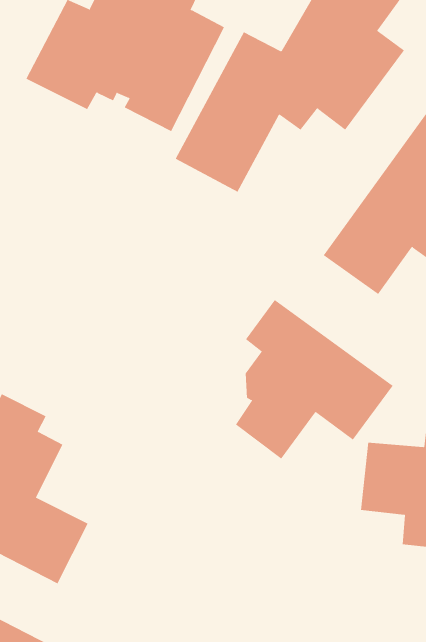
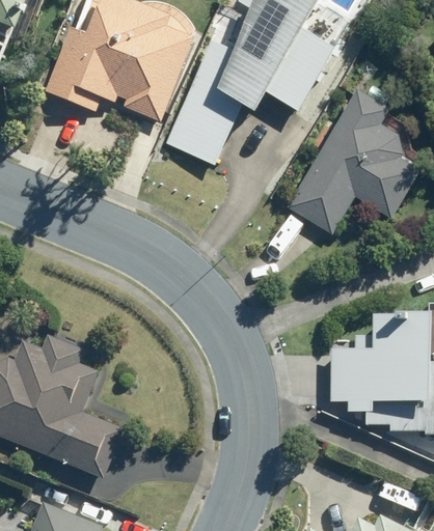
building: [235,299,393,459] -> none

